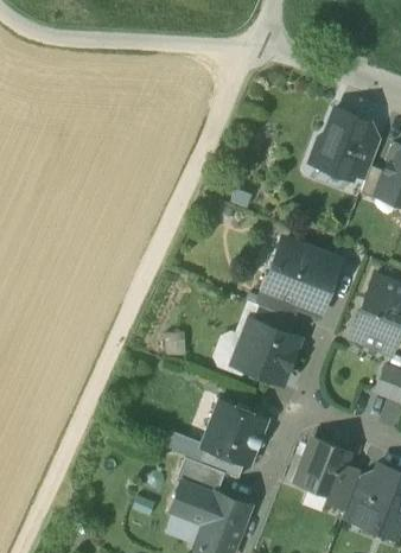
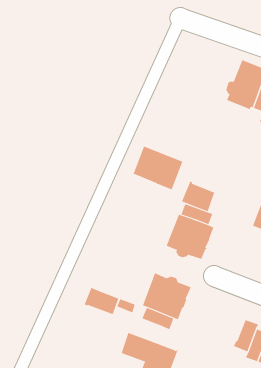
building: [269,241,339,301] -> [132,146,183,190]
building: [295,440,346,495] -> none
building: [176,458,224,496] -> [84,287,119,315]

